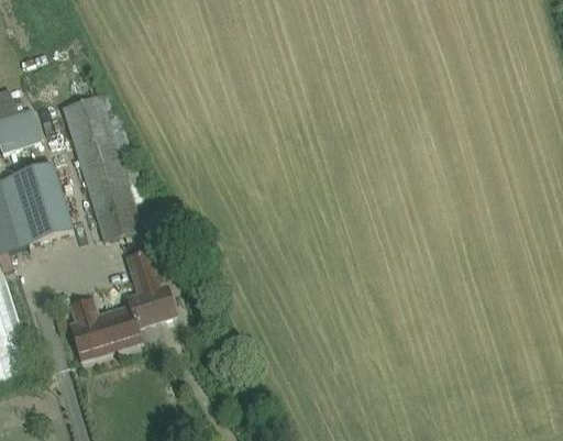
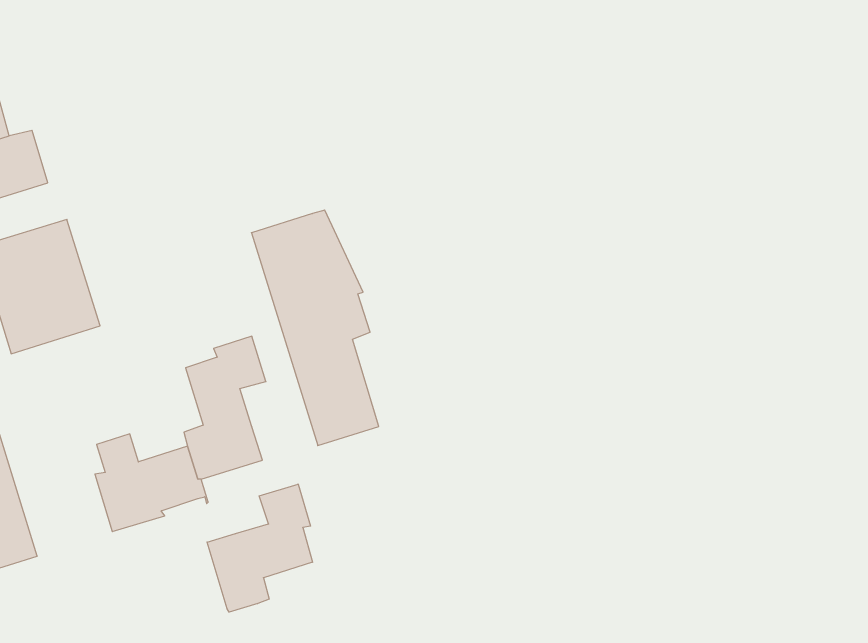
building: [59,93,140,242] -> [251,210,379,446]
building: none -> [207,484,313,612]

